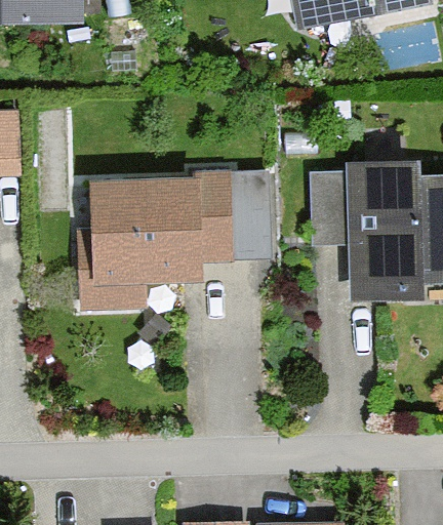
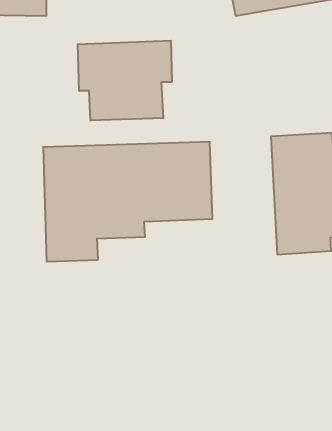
building: none -> [78,41,172,121]

